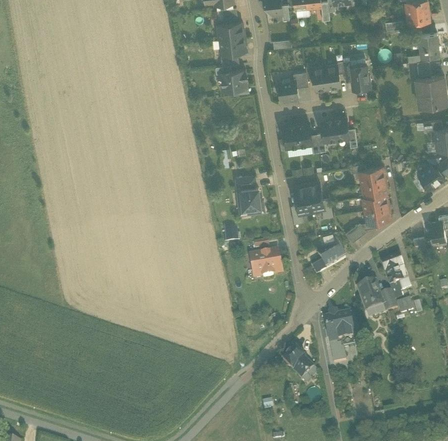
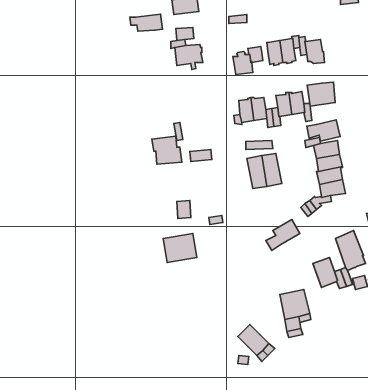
building: [212,35,245,52] -> [130,14,163,31]
building: none -> [307,82,335,106]
building: none -> [307,120,340,141]
building: [235,185,265,213] -> [152,136,182,164]
building: [247,249,281,278] -> [163,233,197,262]

